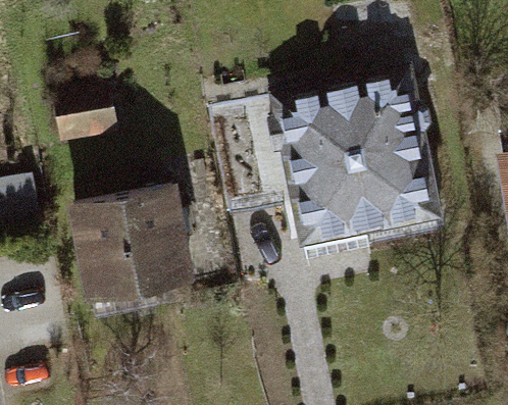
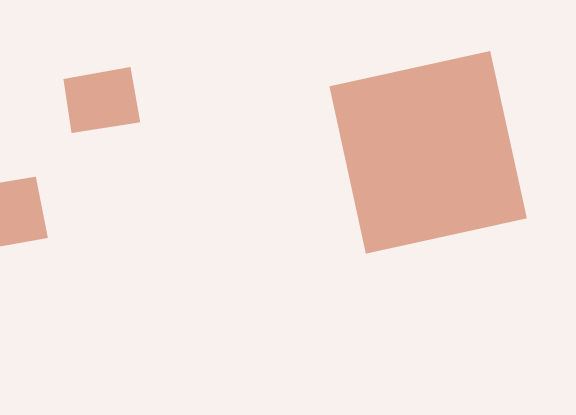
building: [72,185,190,297] -> none

